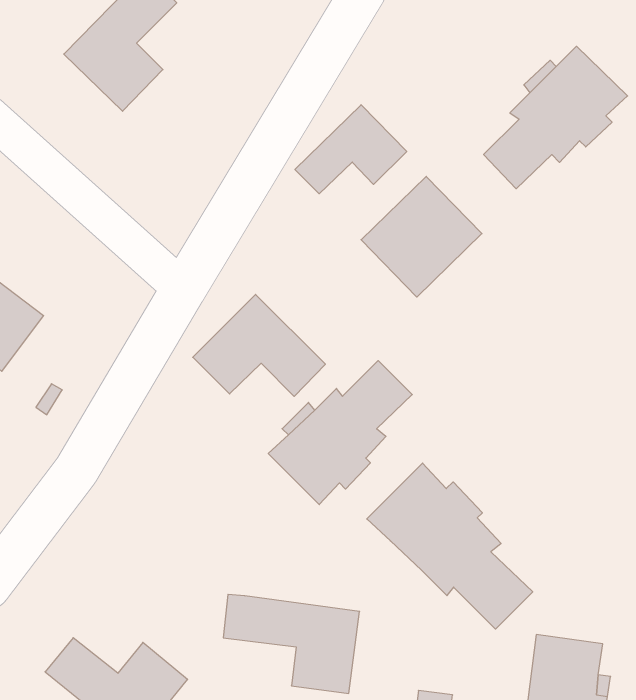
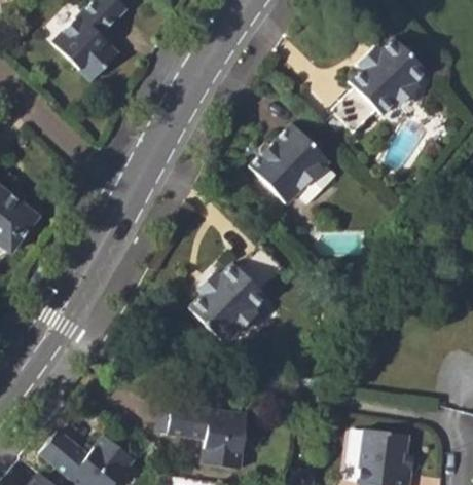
building: [295,105,407,194] -> none
building: [193,294,325,396] -> none
building: [367,463,533,629] -> none

